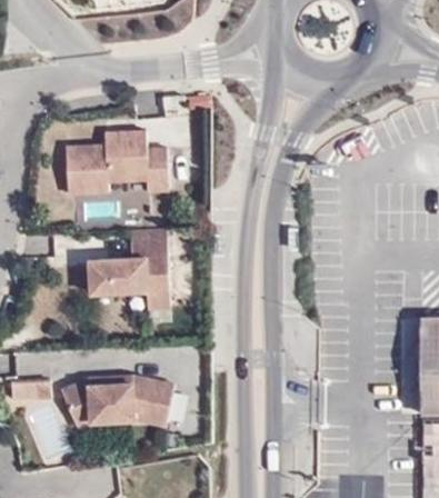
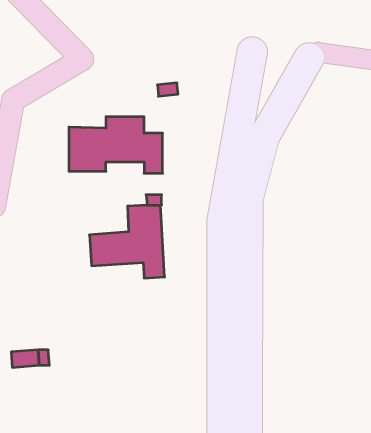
building: [64,380,178,432] -> none

